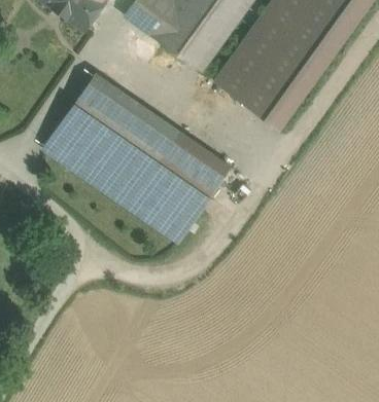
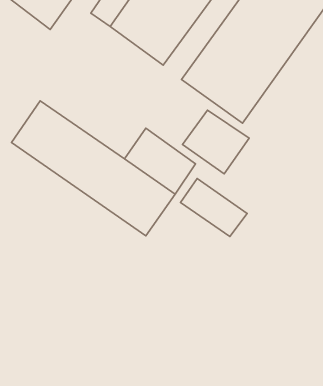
building: [72,72,179,161] -> none
building: none -> [183,110,249,174]
building: none -> [180,178,247,236]

